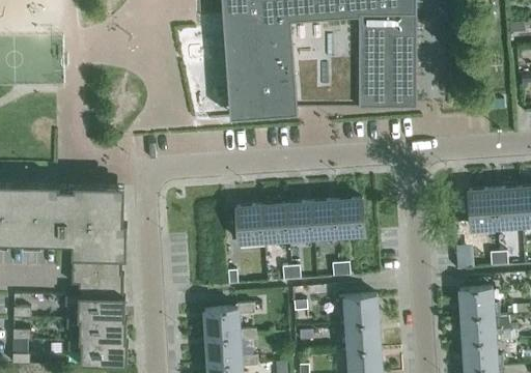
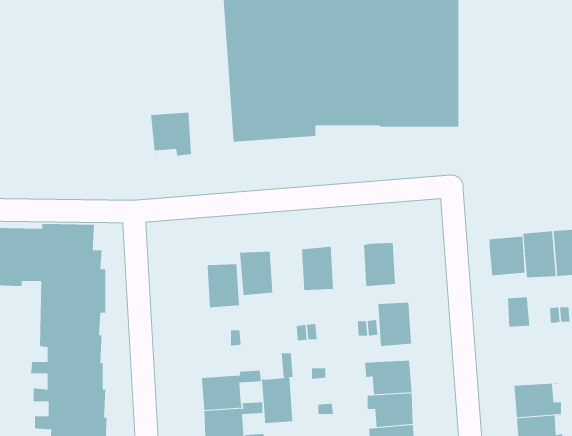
building: none -> [151,112,191,158]
building: none -> [489,236,525,276]
building: [311,202,339,238] -> [378,302,412,346]
building: [261,205,288,241] -> [207,264,240,308]
building: [459,288,498,317] -> none
building: none -> [262,353,293,424]

